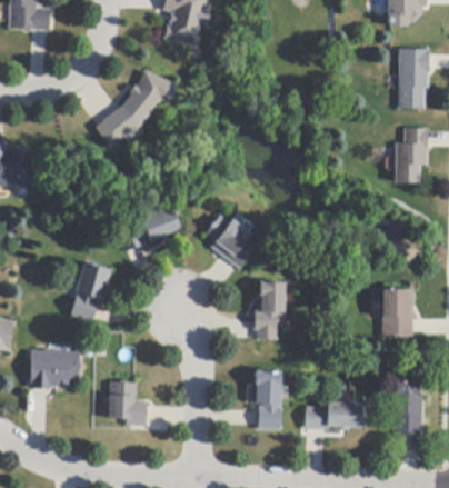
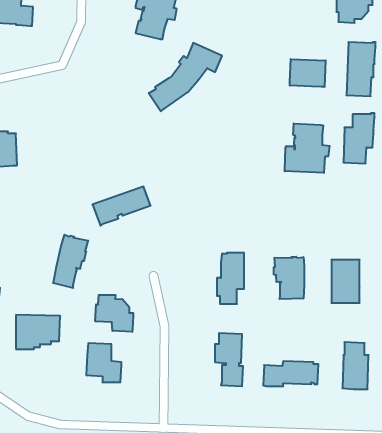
building: none -> [290,59,326,87]
building: [94,70,176,146] -> [149,43,222,111]
building: none -> [285,123,330,173]
building: [204,215,252,267] -> none
building: none -> [274,257,304,299]
building: none -> [95,295,133,332]

